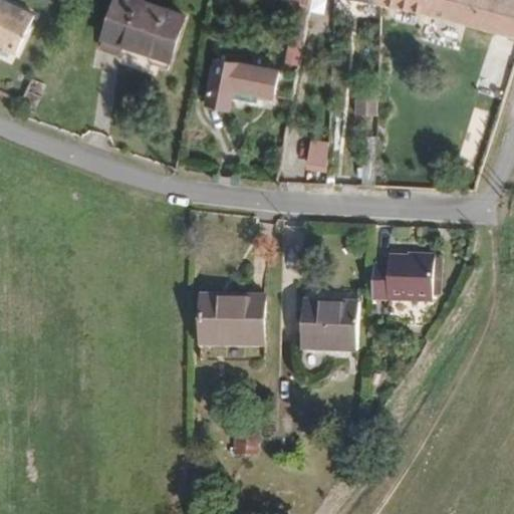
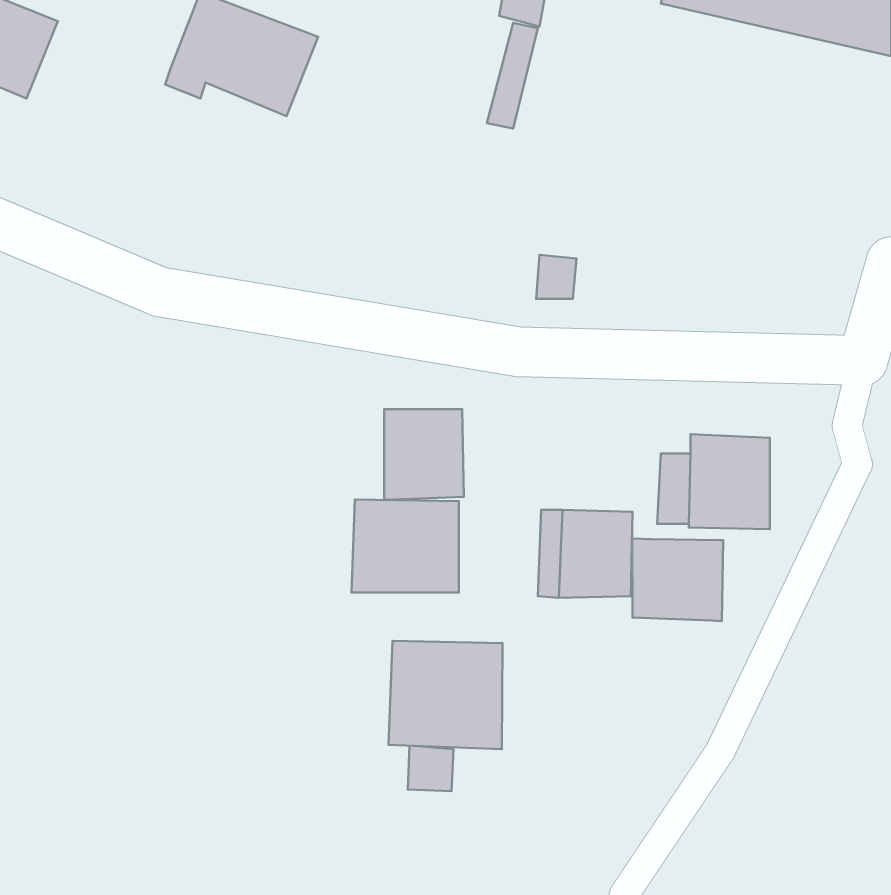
building: [202,59,276,114] -> none
building: none -> [384,409,464,500]
building: none -> [632,538,723,621]
building: none -> [388,641,502,749]

